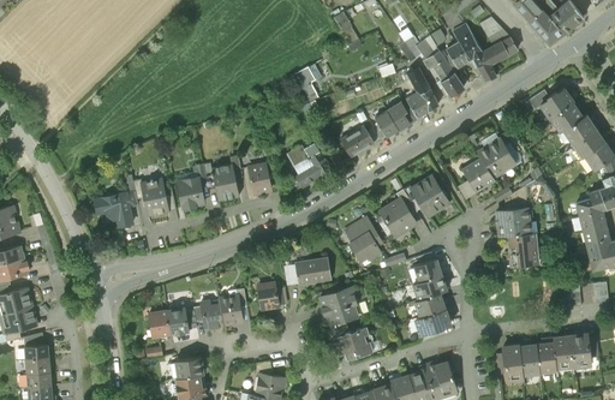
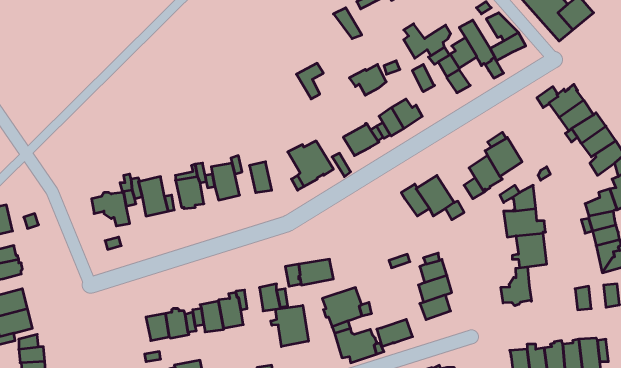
building: [401,89,437,119] -> [349,64,386,95]
building: [381,199,416,237] -> none
building: [345,219,381,262] -> none
building: none -> [501,267,531,306]
building: none -> [271,305,308,347]
building: [416,309,450,335] -> [377,319,413,346]

